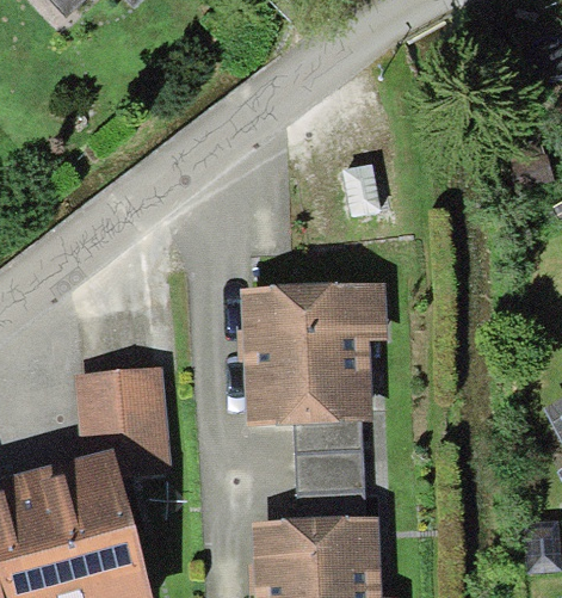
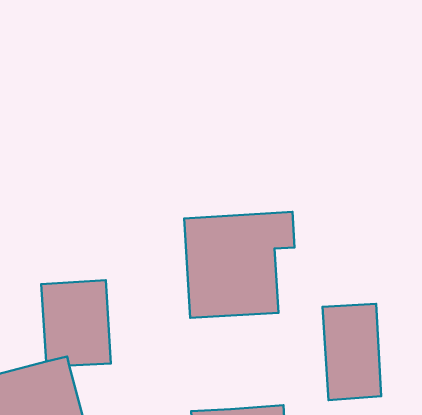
building: [296,415,366,531] -> [323,304,381,400]

